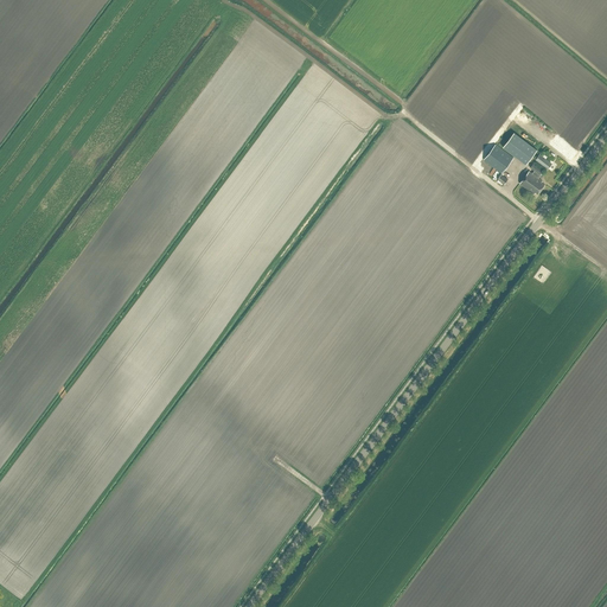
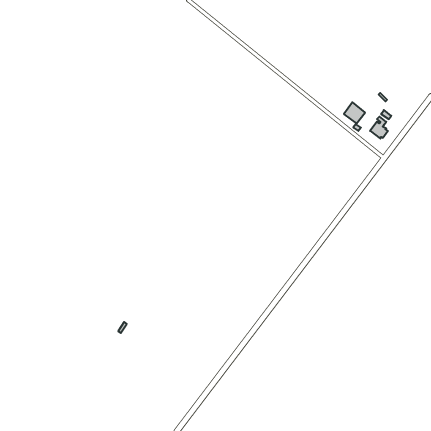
building: [501,133,536,166] -> none

